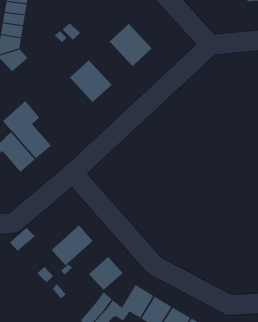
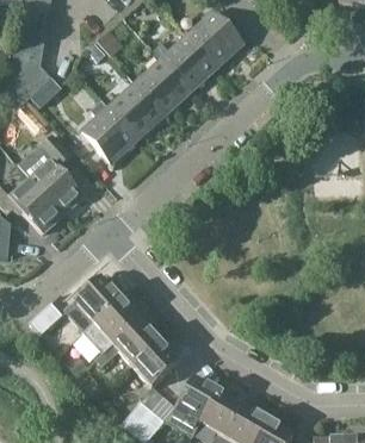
building: none -> [186,10,243,67]
building: none -> [134,57,191,114]
building: none -> [81,99,138,163]
building: none -> [75,276,120,322]
building: none -> [113,319,159,363]

